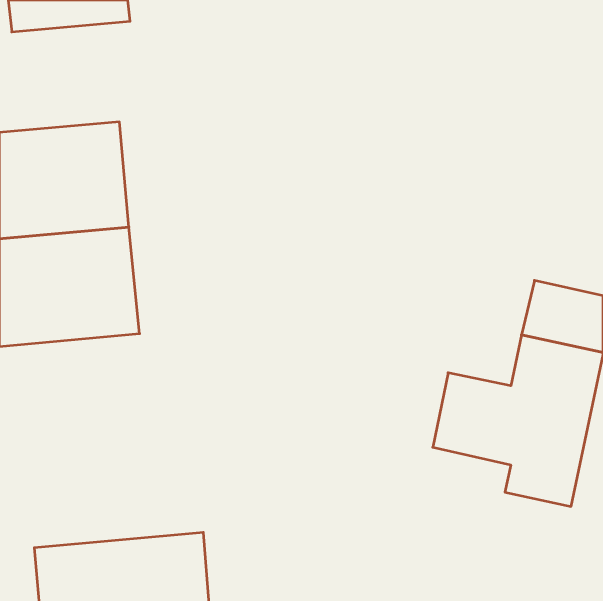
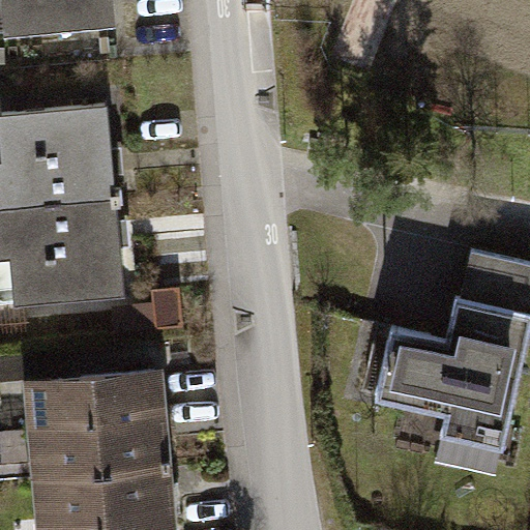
building: none -> [21,376,178,482]

